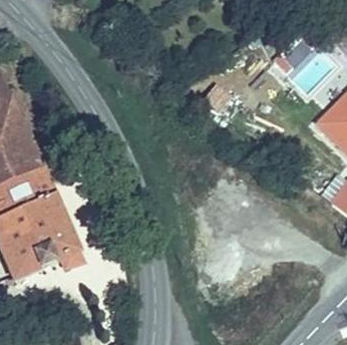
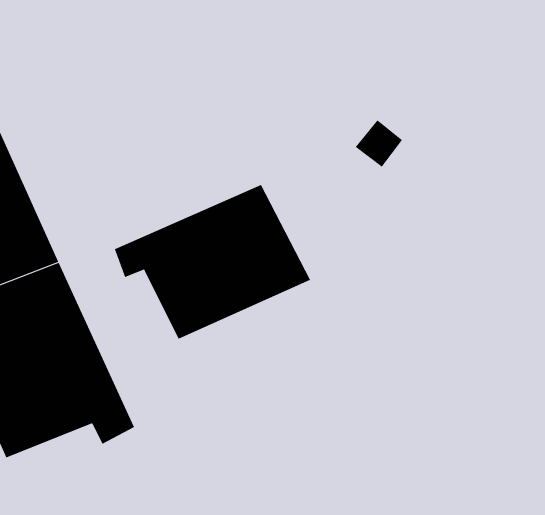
building: none -> [114,184,311,339]

